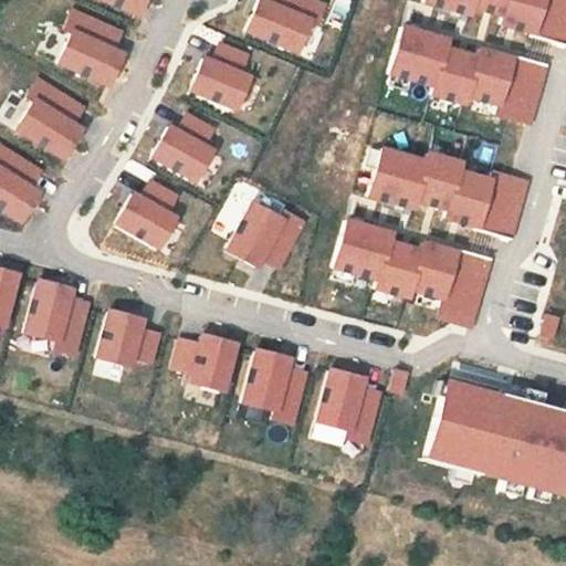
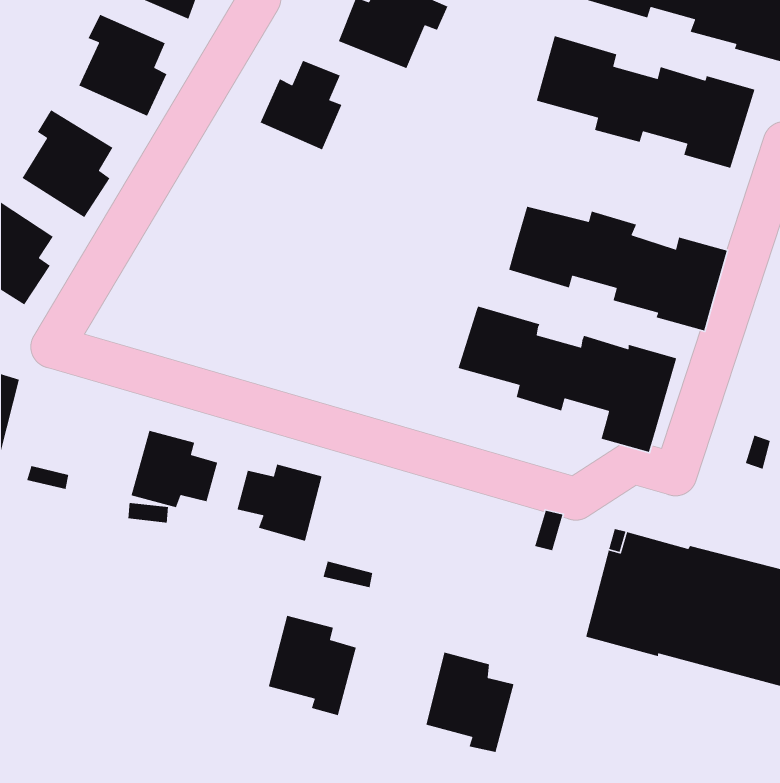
building: [153,114,213,180] -> none
building: [115,180,177,248] -> none
building: [227,201,304,266] -> none
building: [25,279,90,352] -> none
building: [243,348,307,421] -> [268,615,357,716]
building: [317,367,381,440] -> [425,652,515,753]

